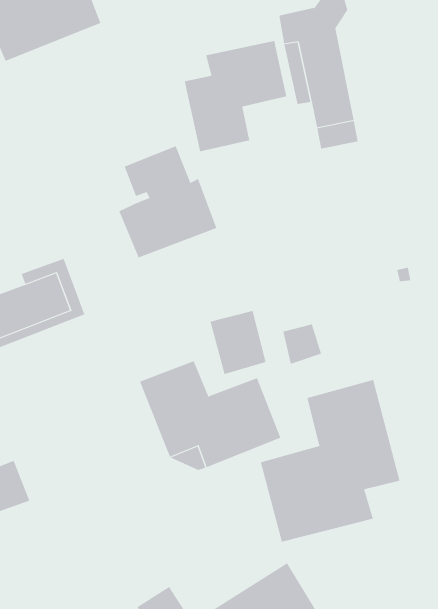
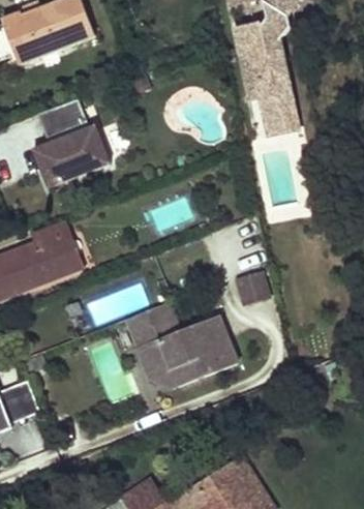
building: [184,40,287,152] -> none
building: [118,145,217,258] -> [31,98,109,187]
building: [210,310,266,375] -> none
building: [260,379,400,542] -> none

